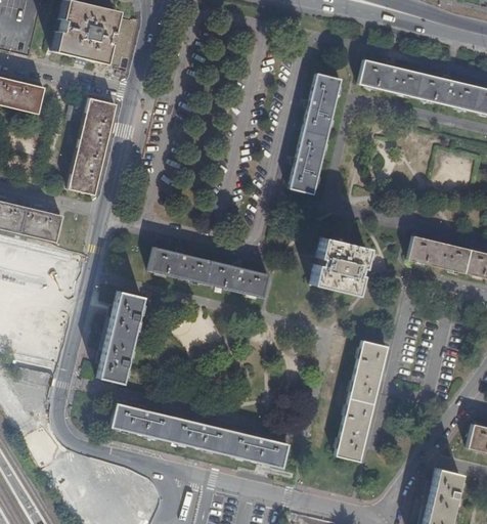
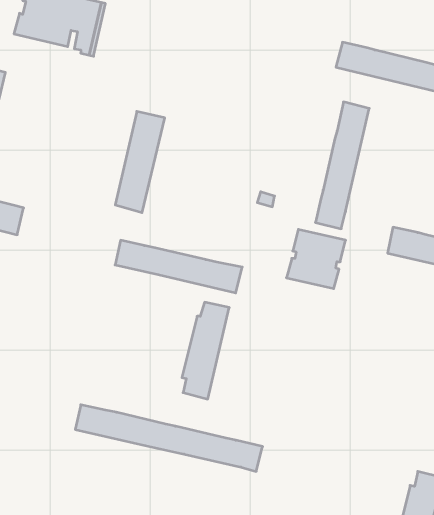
building: [290,72,341,192] -> [315,102,369,229]
building: [69,98,116,194] -> [115,111,165,213]
building: [96,291,141,383] -> [182,302,229,399]
building: [336,340,387,460] -> none

